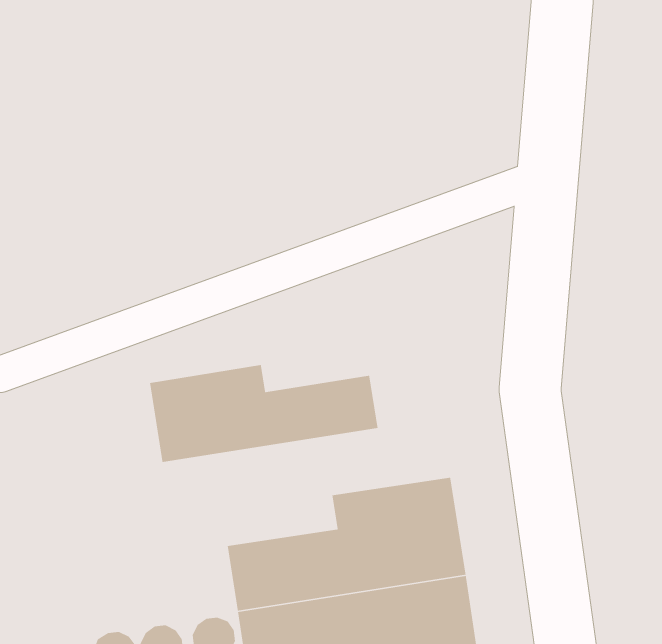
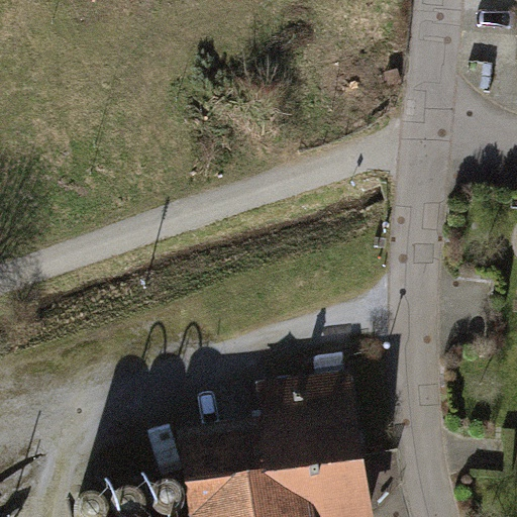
building: [149,364,378,463] -> none

